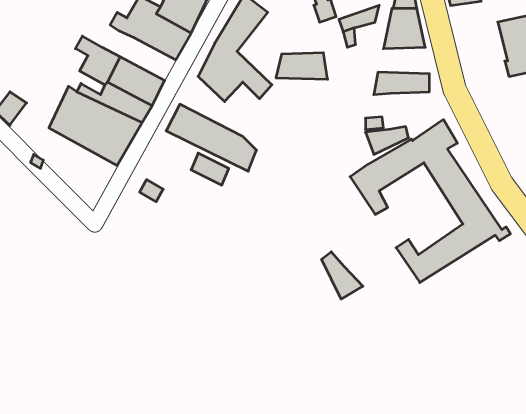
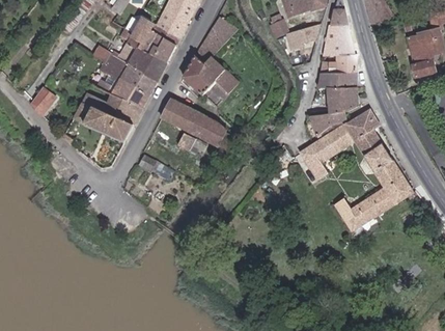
building: none -> [113,43,168,80]
building: [276,53,328,79] -> [318,55,357,75]
building: none -> [327,88,359,116]
building: [322,252,363,299] -> none

